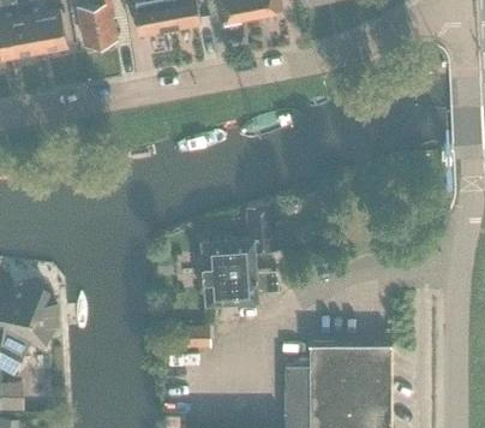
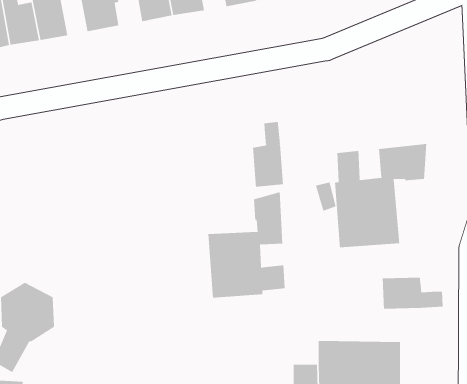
building: none -> [253,121,283,187]
building: none -> [335,143,427,248]
building: none -> [382,277,443,309]

